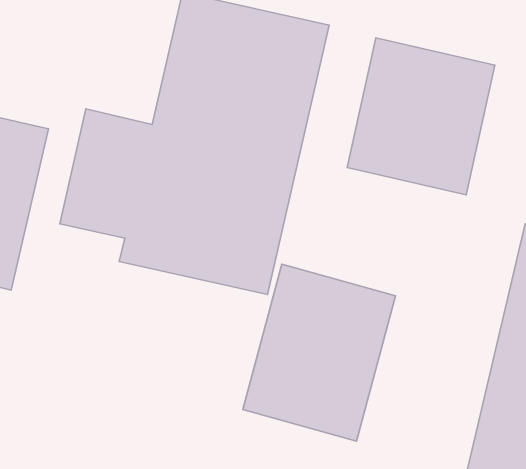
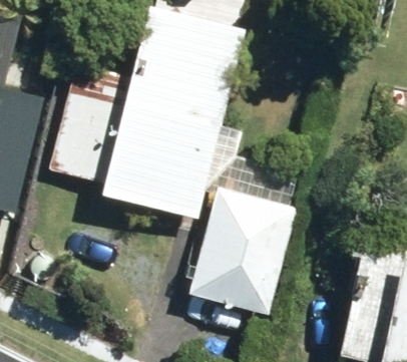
building: [347,38,495,195] -> none

